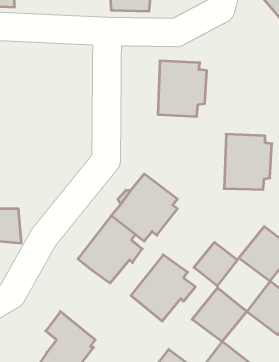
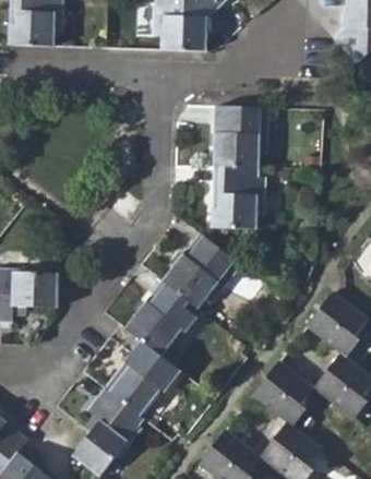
building: [224,134,272,190] -> [212,167,265,229]
building: [194,242,237,286] -> none
building: [131,255,195,321] -> [105,342,177,416]

